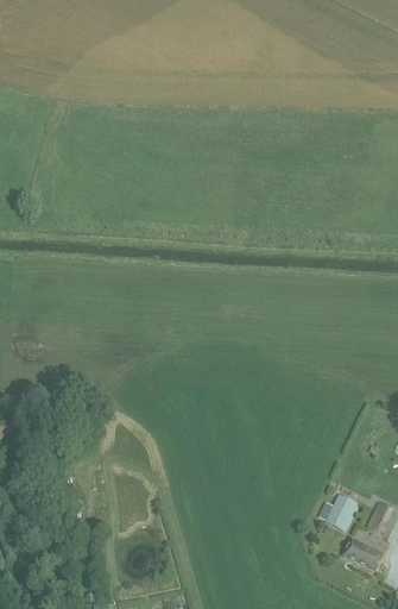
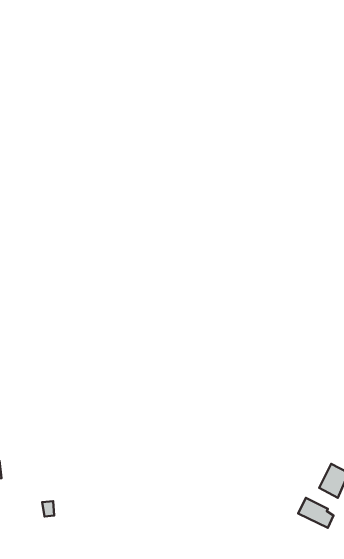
building: [327,494,356,529] -> none

